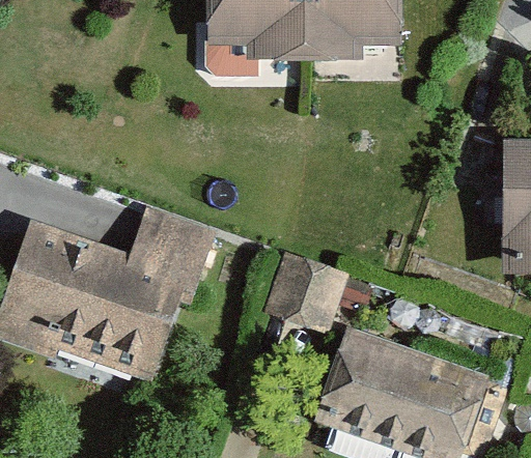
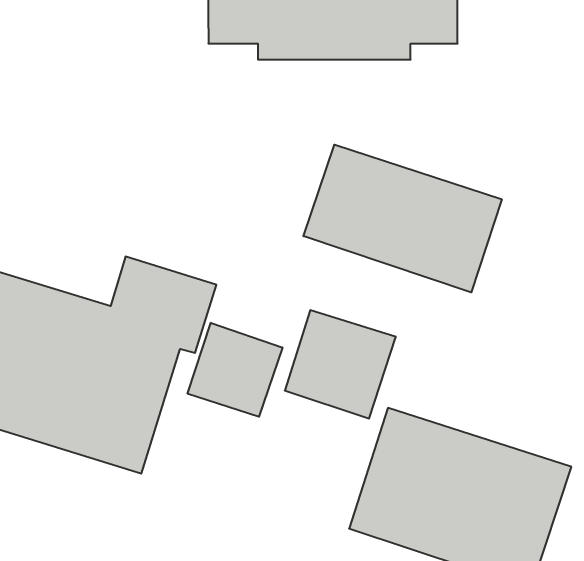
building: none -> [303,145,502,292]
building: none -> [188,323,282,417]

